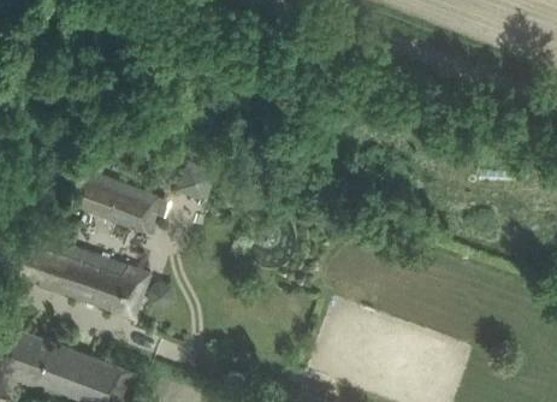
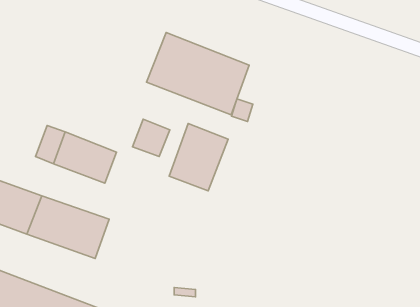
building: none -> [146,32,249,115]
building: none -> [169,123,228,191]

